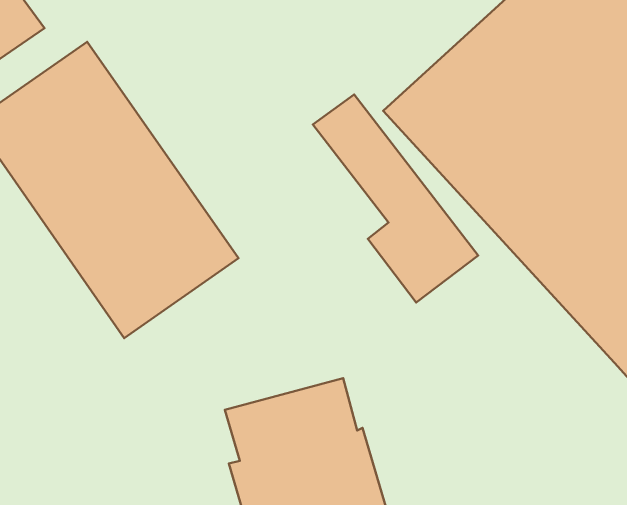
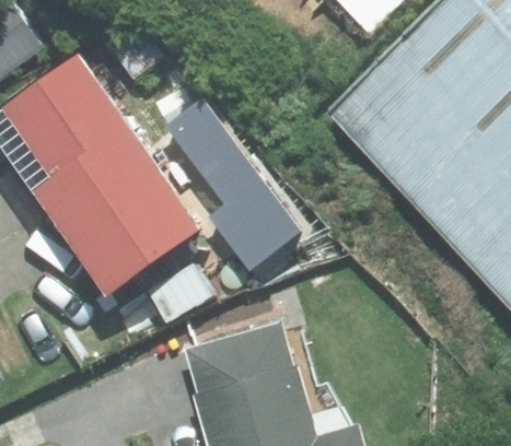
building: [313,94,478,302] -> [172,102,303,267]

